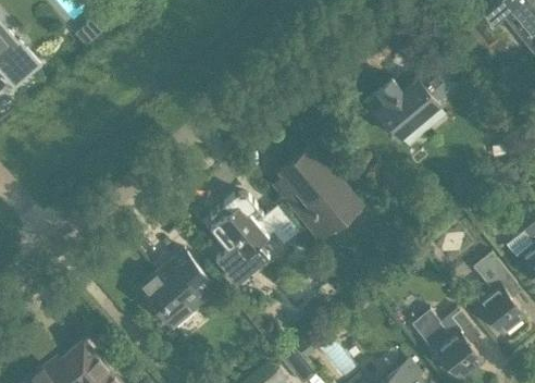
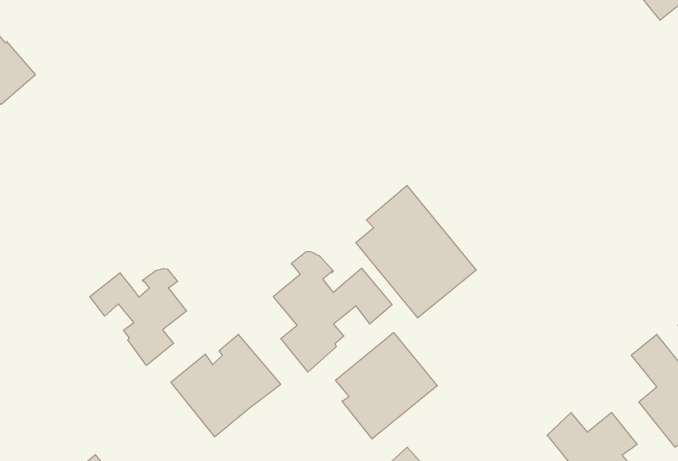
building: [373,58,458,139] -> none
building: none -> [90,268,187,365]
building: none -> [336,333,437,439]

